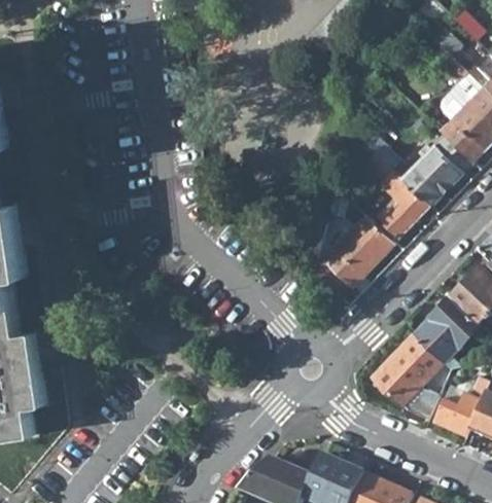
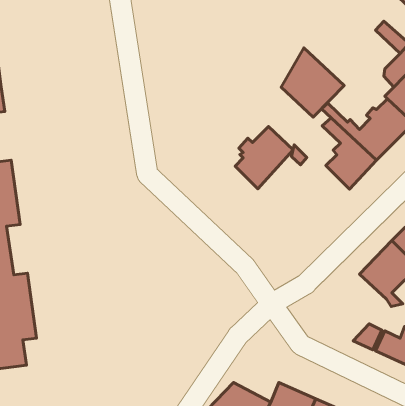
building: none -> [281,48,344,117]
building: [329,213,395,284] -> [235,126,293,189]
building: [371,332,444,405] -> none

